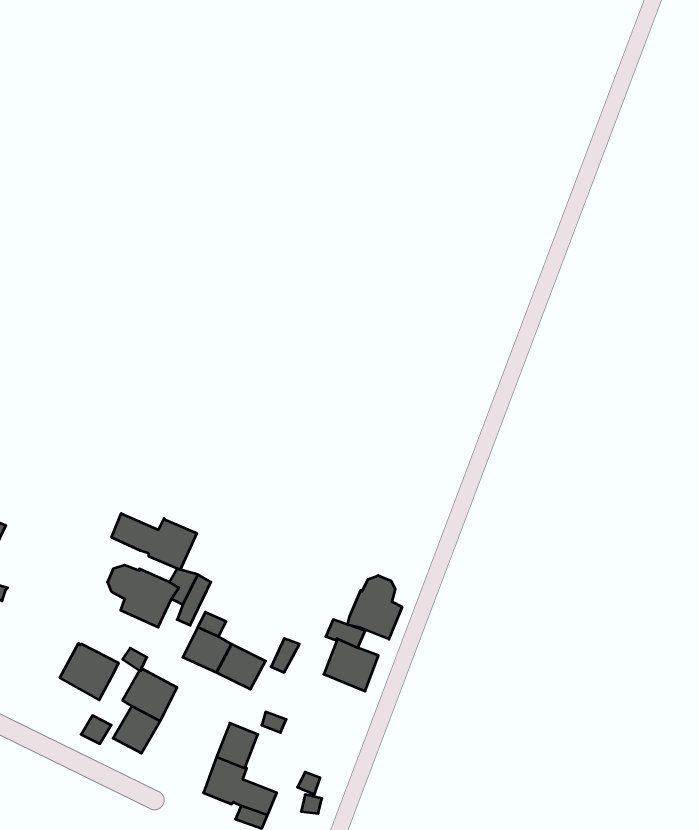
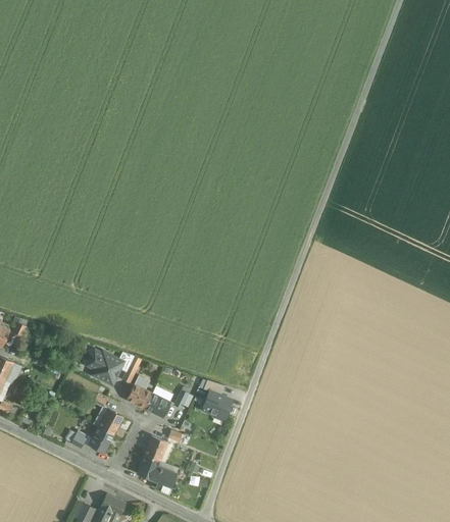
building: [112,513,197,570] -> none
building: [348,575,402,639] -> none
building: [60,643,118,700] -> none

